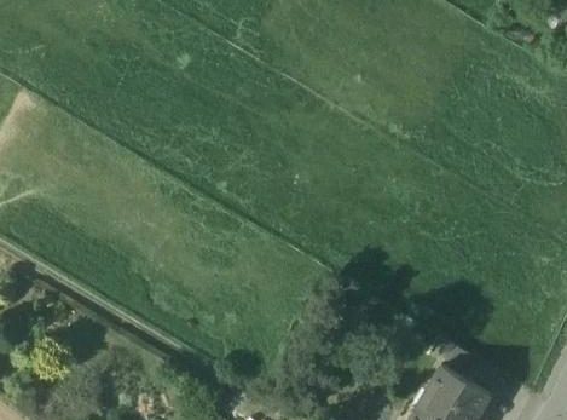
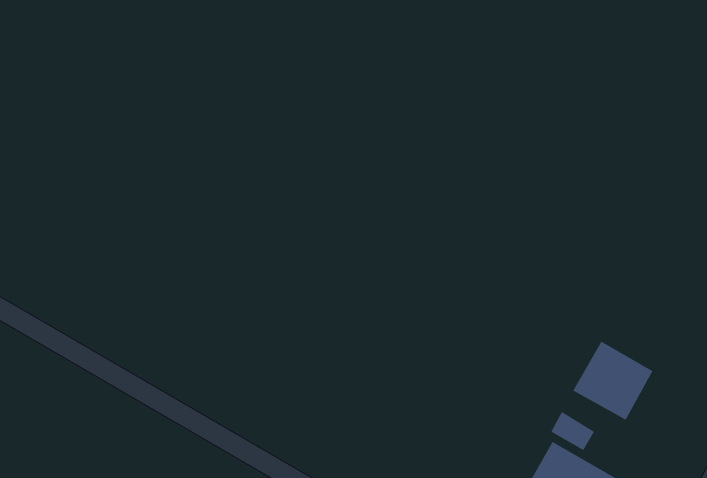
building: none -> [573,341,653,420]

